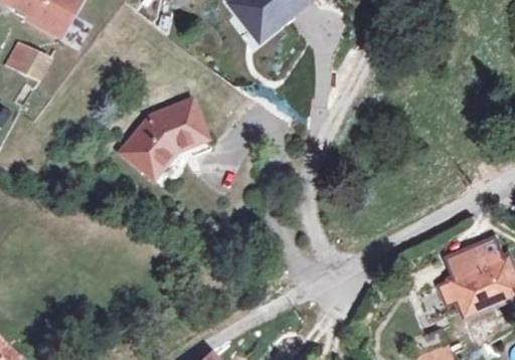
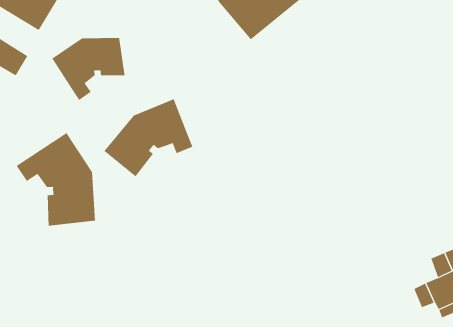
building: none -> [52,37,125,101]
building: none -> [16,132,95,227]

